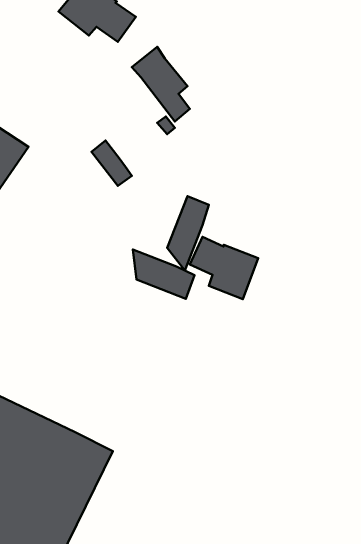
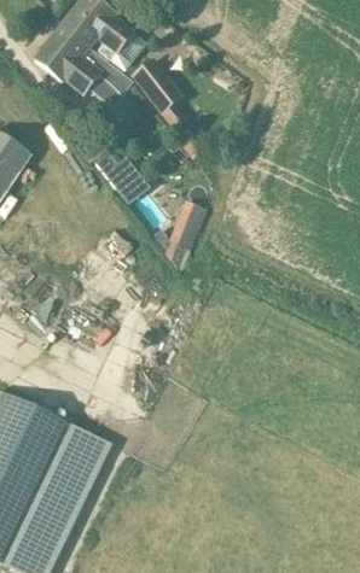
building: none -> [34,24,133,107]
building: [190,237,258,299] -> none
building: [133,250,195,299] -> none

